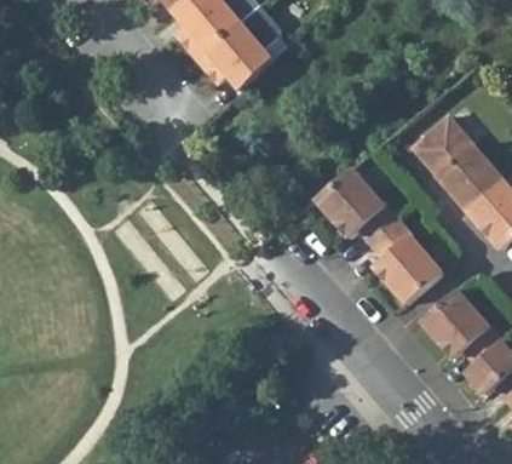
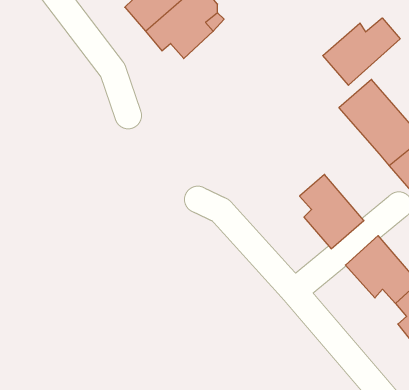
building: none -> [323,18,400,85]
building: [315,168,396,244] -> none

